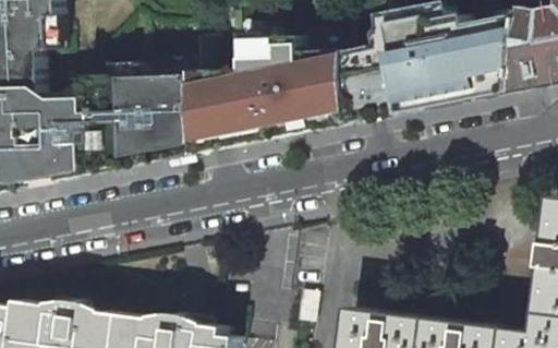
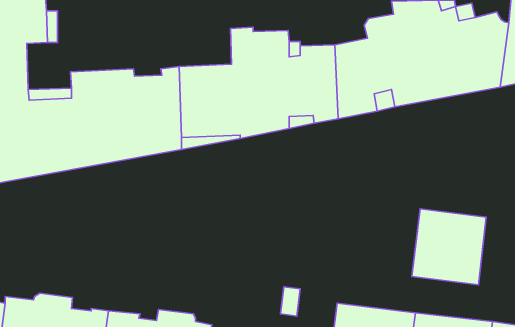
building: none -> [412,209,486,285]

